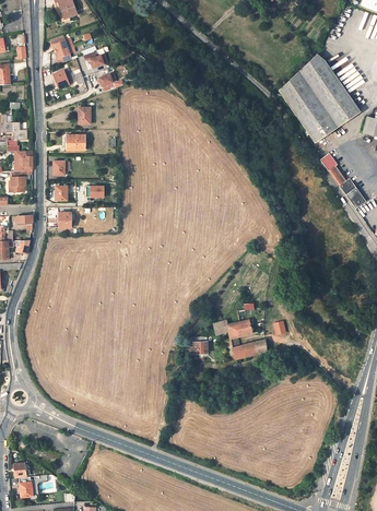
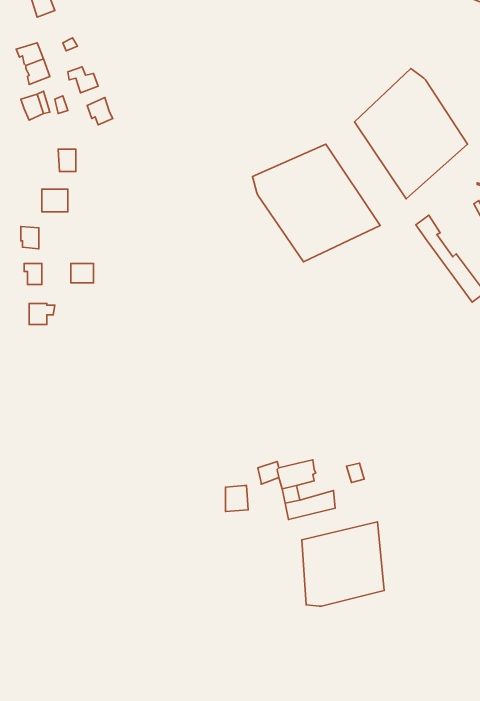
building: none -> [253,144,380,262]
building: none -> [302,522,384,606]

